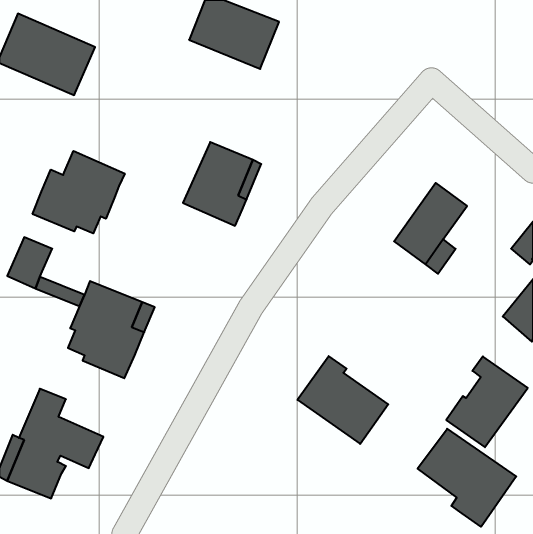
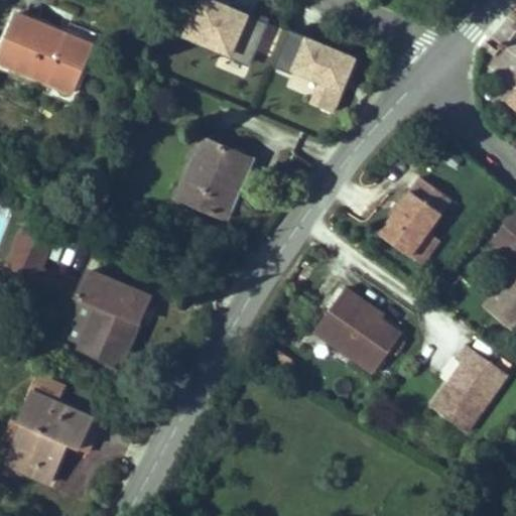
building: none -> [271,29,358,112]
building: [33,151,125,233] -> none
building: [297,356,388,444] -> [313,287,401,372]
building: [418,429,516,527] -> none

